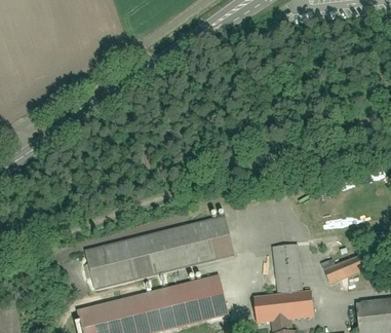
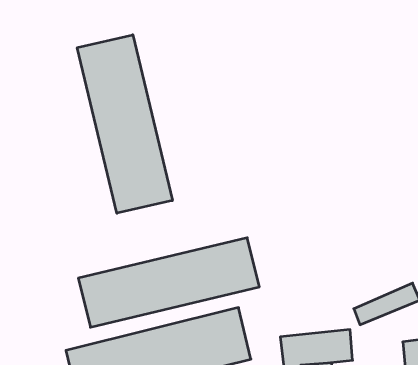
building: none -> [77,35,172,213]
building: [272,240,303,293] -> none

